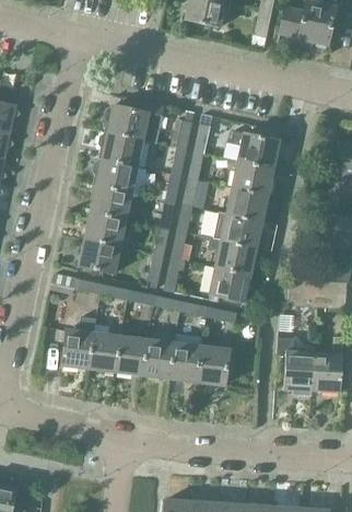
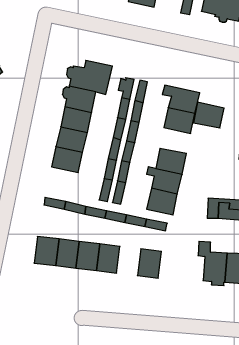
building: [226,186,267,220] -> [193,102,224,128]
building: [79,237,119,272] -> none
building: [169,342,201,381] -> none

